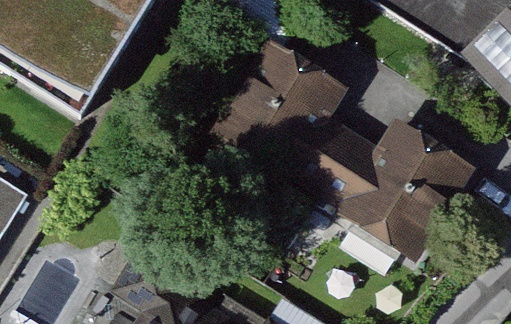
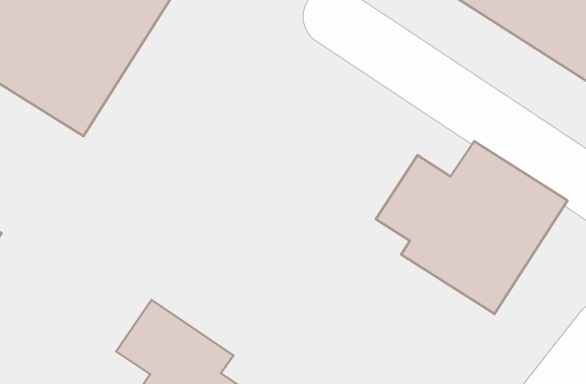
building: [212,36,352,180] -> none

